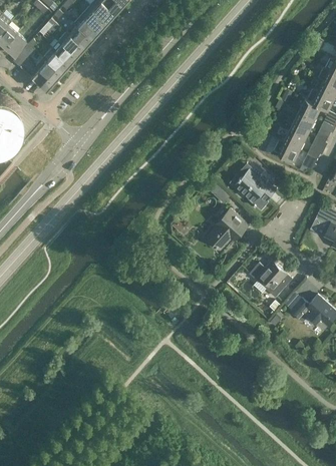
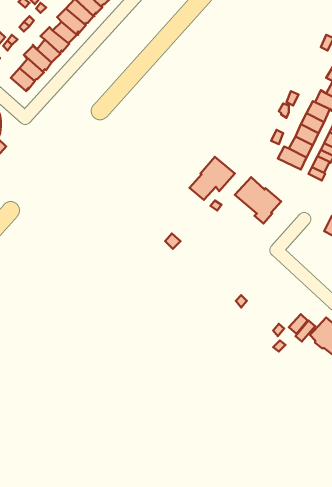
building: [208,209,249,249] -> [190,157,235,200]
building: [250,258,289,298] -> none

